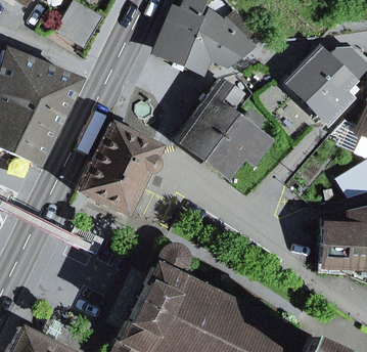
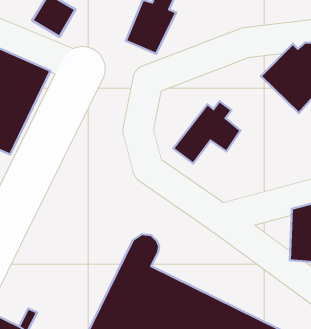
building: [185,12,256,71] -> none
building: [178,81,240,159] -> none
building: [77,123,159,216] -> none

